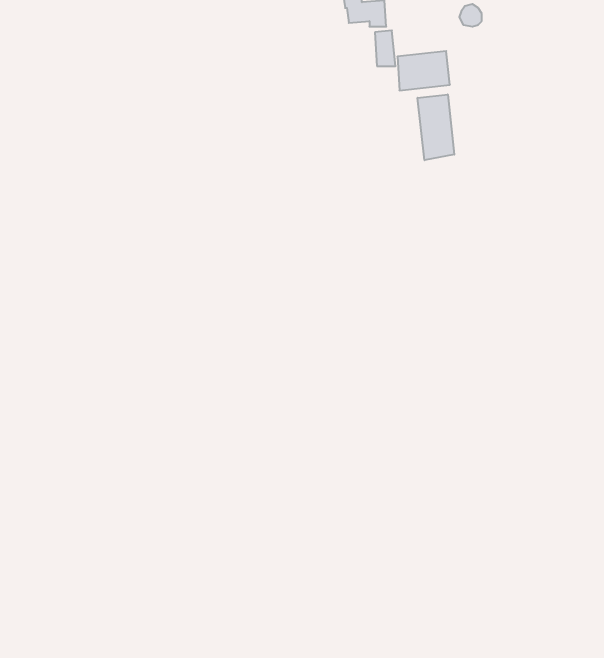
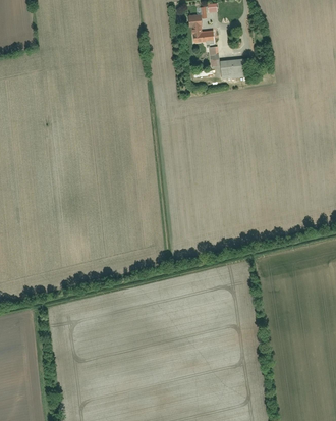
building: [418,94,454,160] -> none

